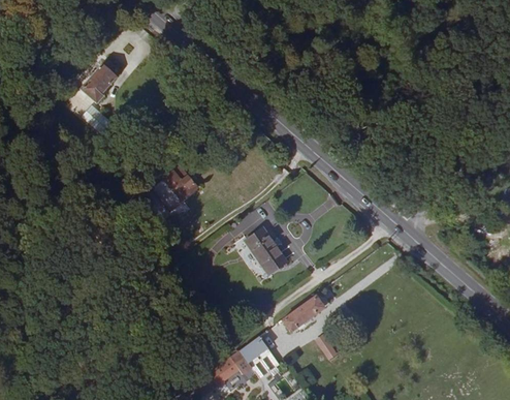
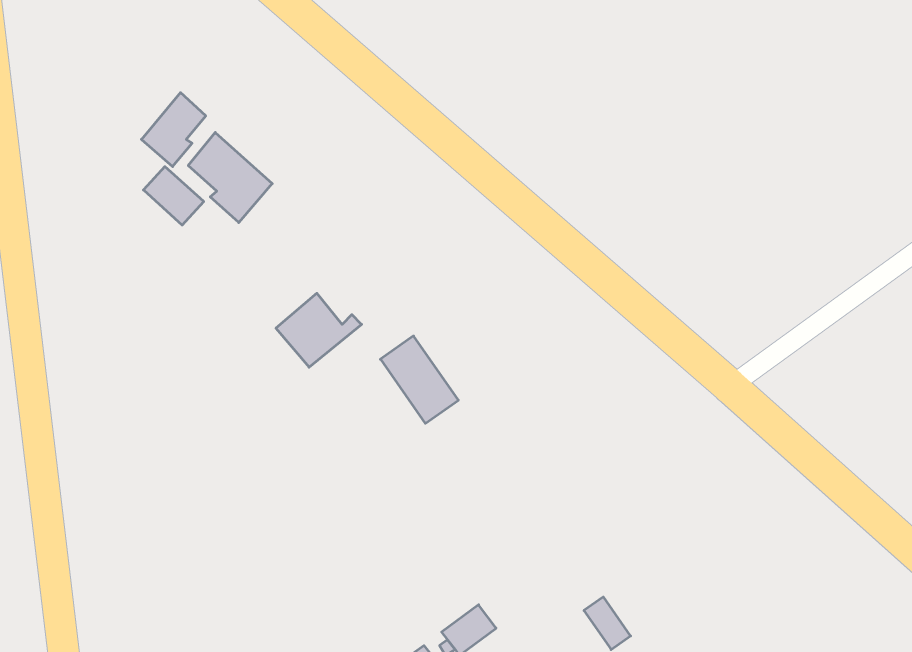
building: none -> [188,132,272,223]
building: [245,228,286,275] -> [380,336,458,423]
building: [283,291,330,331] -> none

